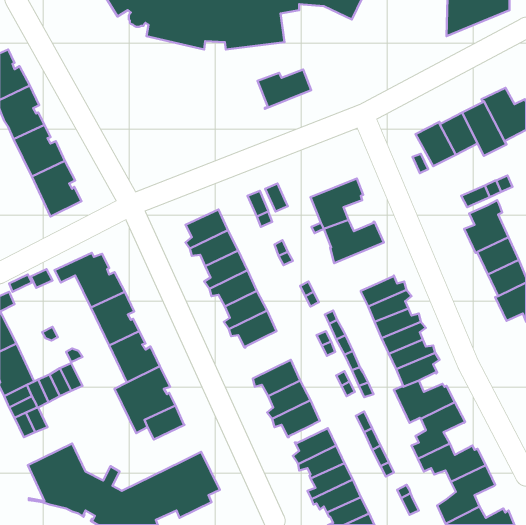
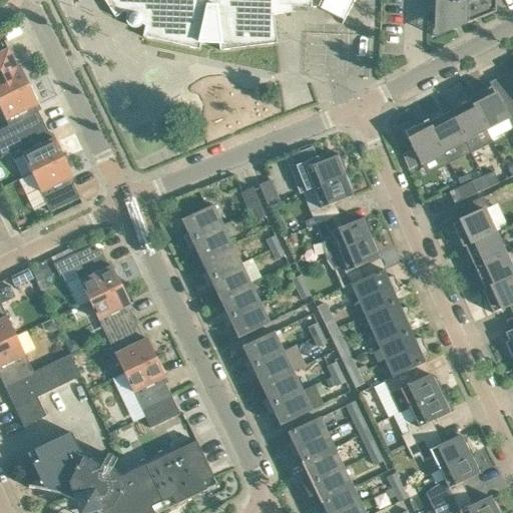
building: [258,70,311,109] -> [295,153,347,191]
building: none -> [325,235,380,288]
building: none -> [240,330,283,368]

